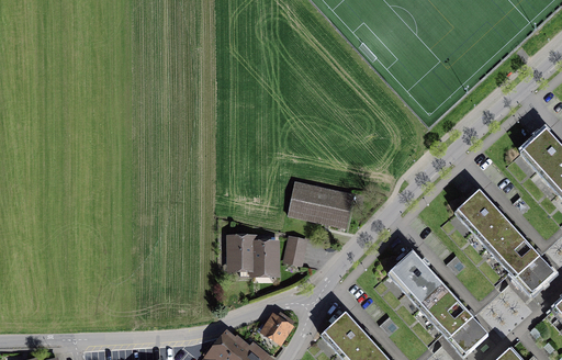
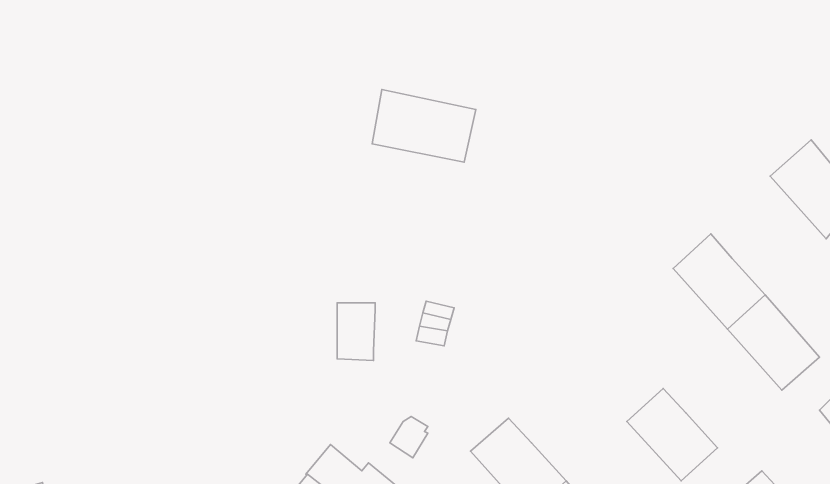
building: [292,182,361,230] -> [372,90,476,162]
building: [256,241,280,270] -> none
building: [387,252,449,316] -> none

